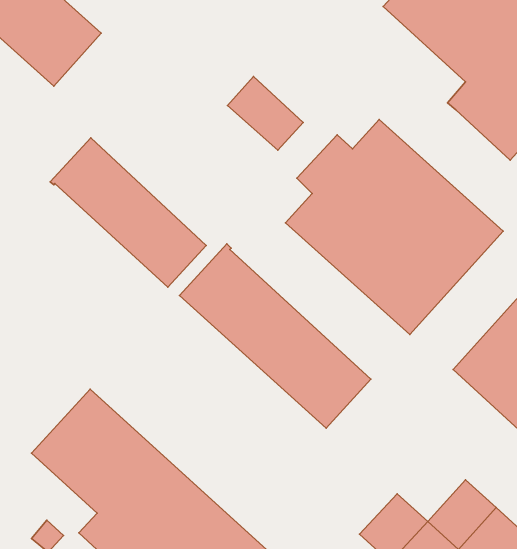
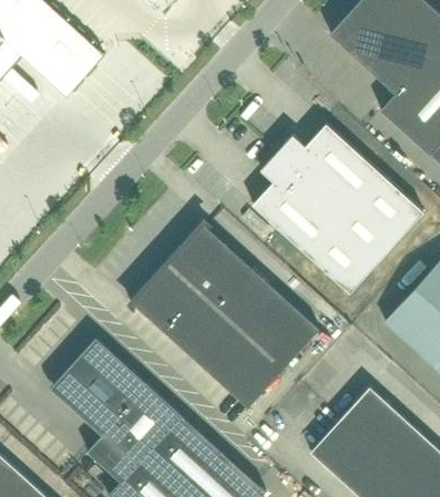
building: [227,76,303,150] -> none
building: [50,138,206,287] -> none
building: none -> [131,263,284,408]
building: none -> [340,387,395,443]

